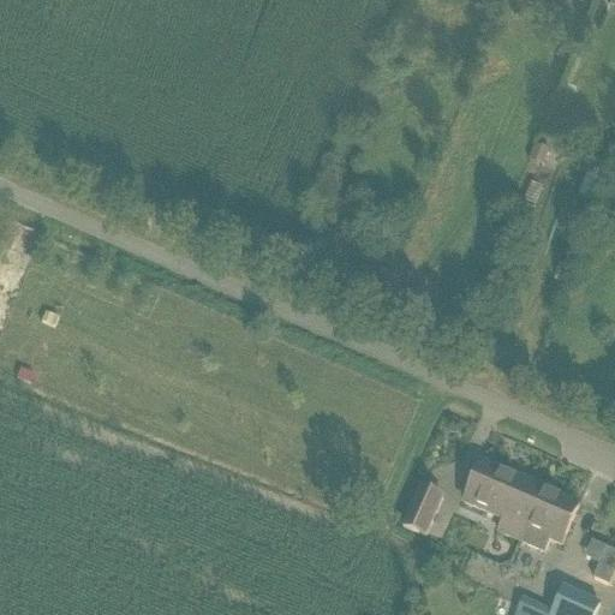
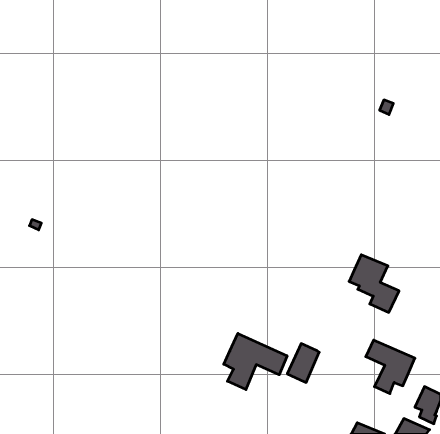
building: [467,459,537,539] -> [349,255,399,312]
building: none -> [224,333,287,390]

